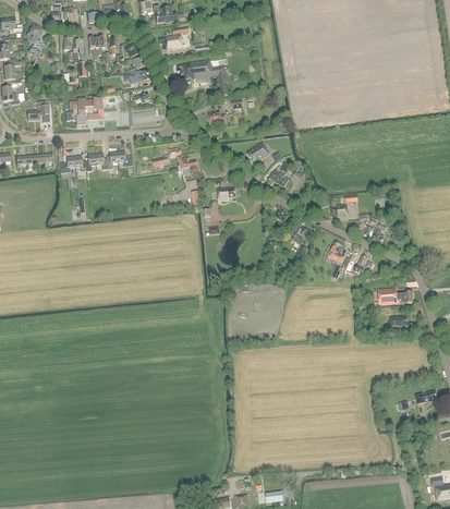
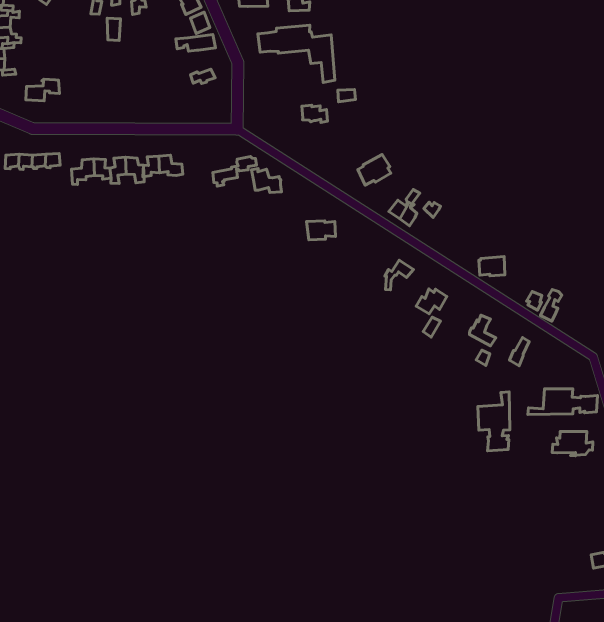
building: [64,97,101,124] -> none
building: none -> [478,392,510,451]

